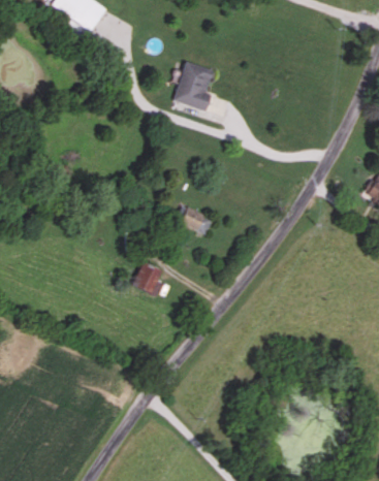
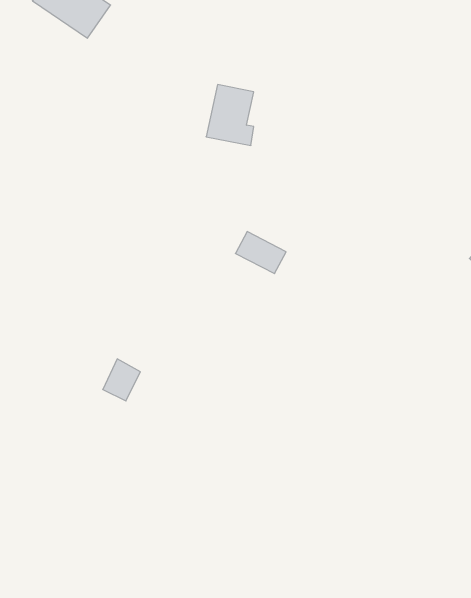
building: [179,205,215,235] -> [235,232,286,274]
building: [134,261,161,291] -> [103,359,140,401]

